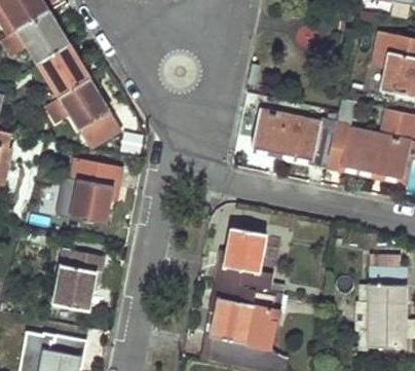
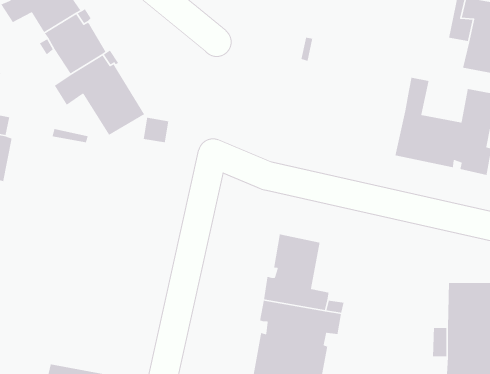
building: [251,110,334,162] -> none
building: [71,158,119,224] -> none
building: [54,248,103,309] -> none

